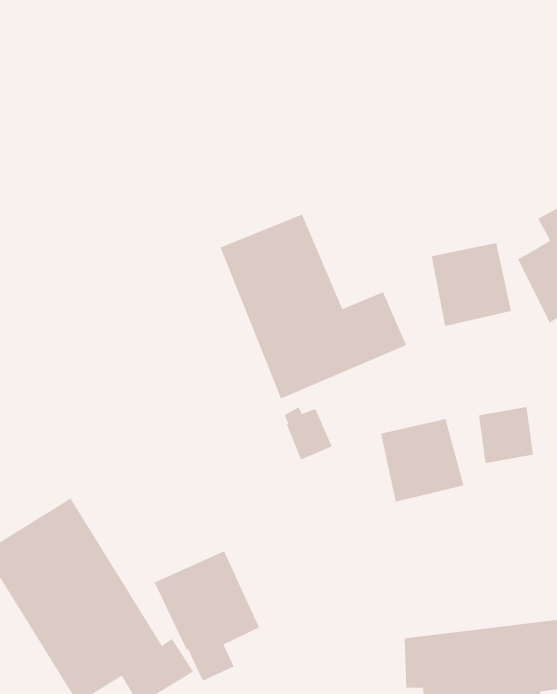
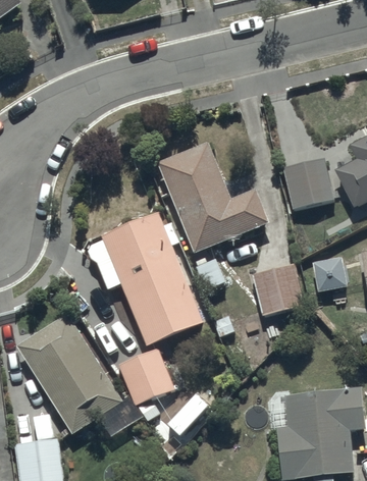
building: none -> [91,211,203,344]

